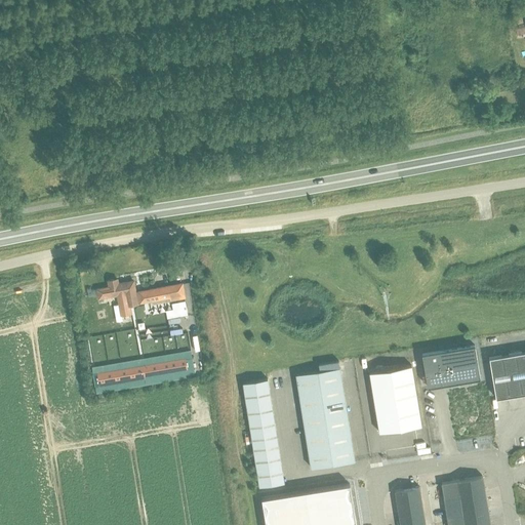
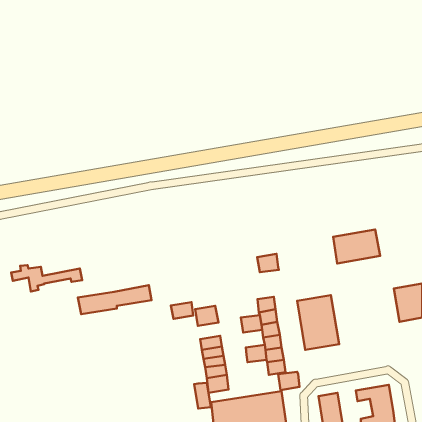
building: [96,281,185,314] -> [11,265,82,292]
building: [421,347,480,389] -> [333,229,380,263]
building: [295,372,322,395] -> [257,254,279,272]
building: [245,401,273,421] -> [171,302,193,319]
building: [301,410,328,432] -> none
building: [307,447,333,470] -> [278,372,300,390]
building: none -> [194,383,211,409]

